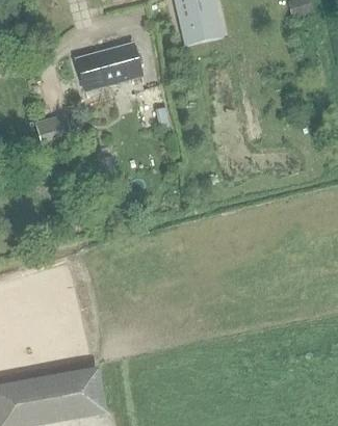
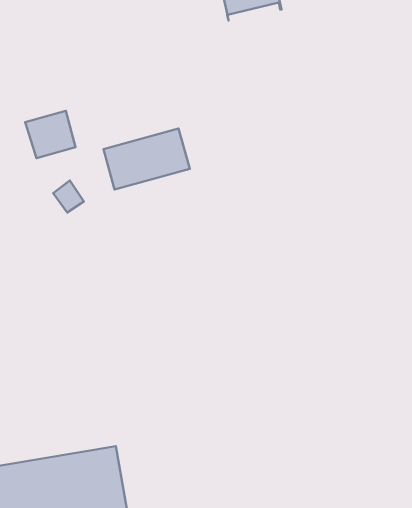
building: [73,45,137,90] -> [103,128,190,190]

